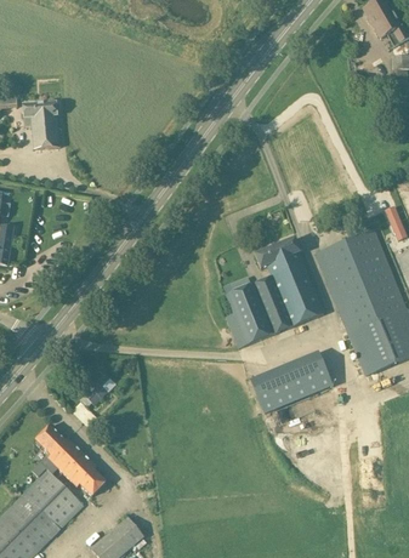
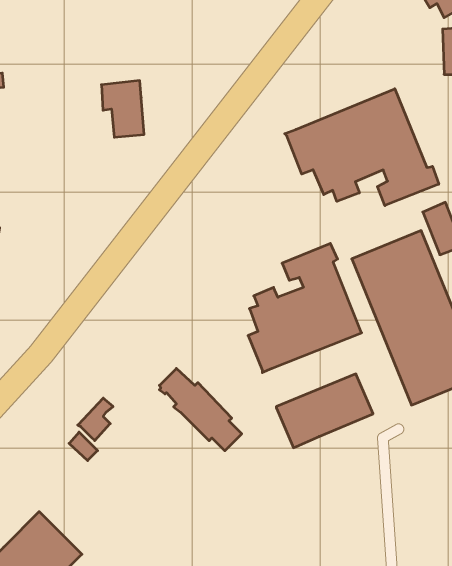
building: [23,101,59,149] -> [101,81,144,137]
building: none -> [285,89,439,206]
building: [35,425,106,495] -> [159,368,242,451]

